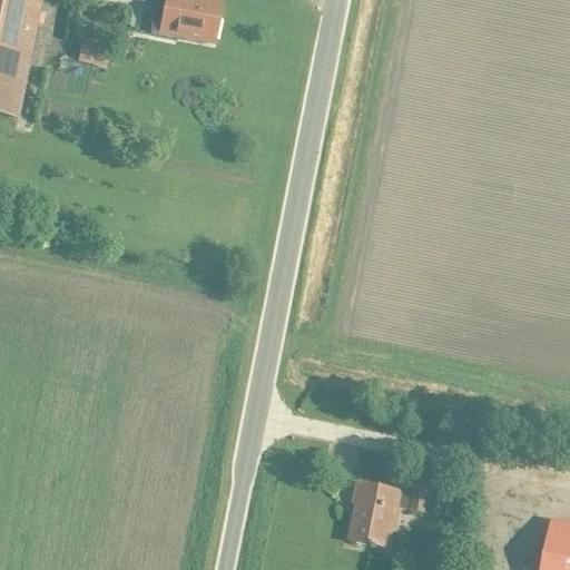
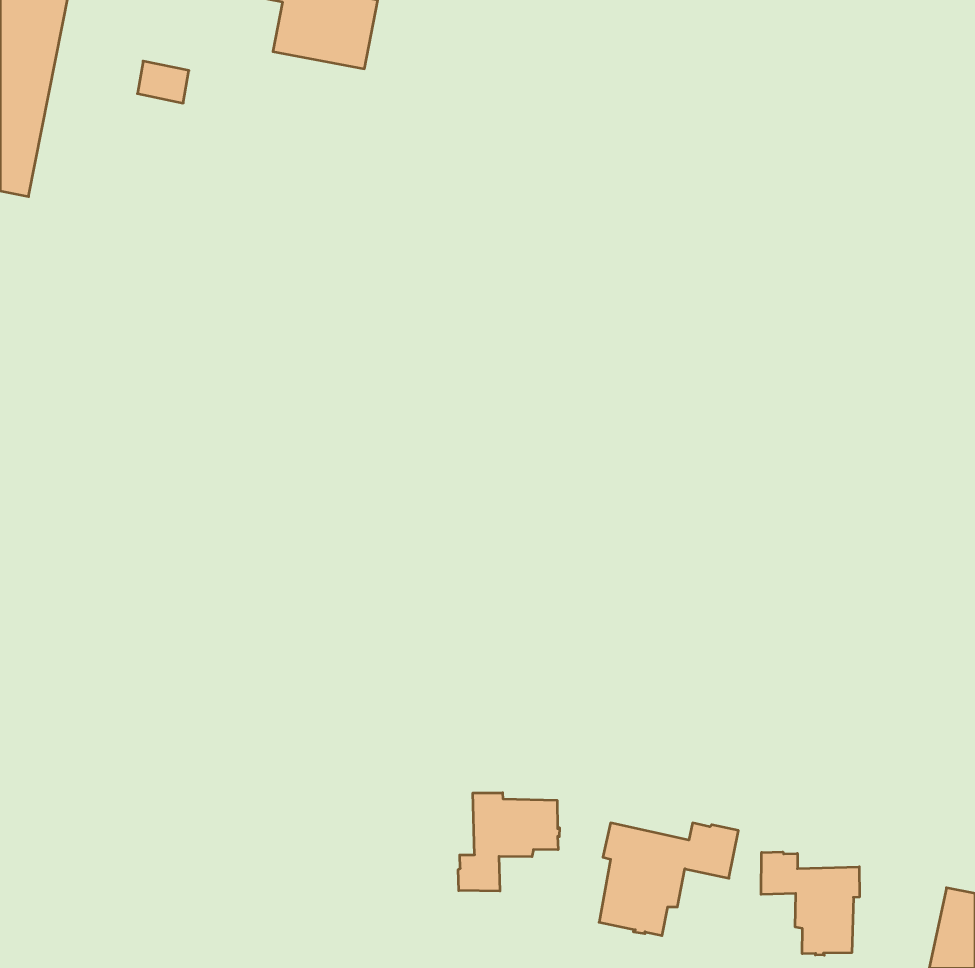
building: none -> [458,793,559,891]
building: none -> [761,852,859,955]

